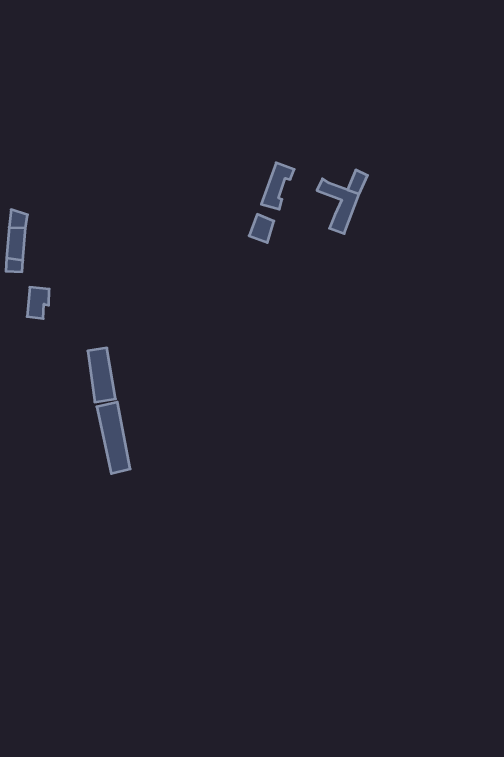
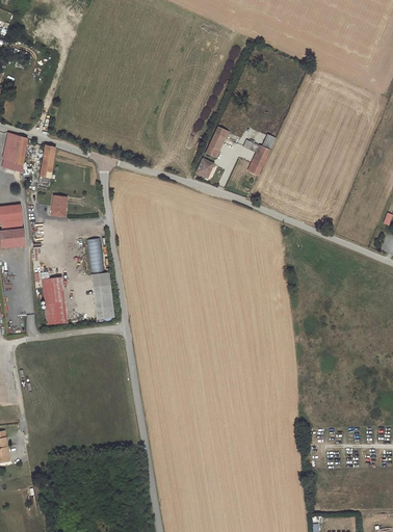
building: none -> [42,276,69,325]

